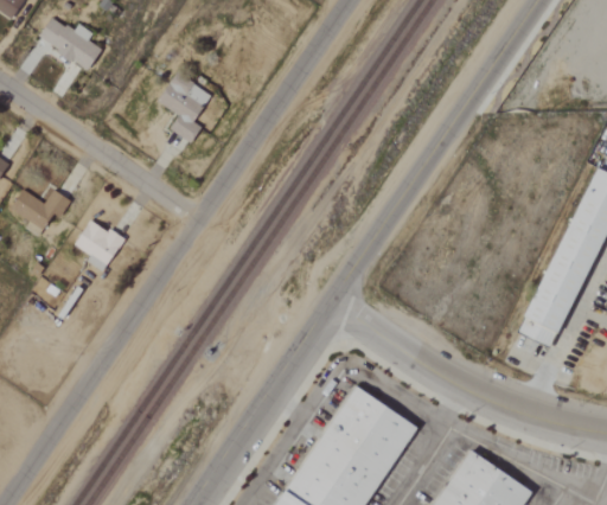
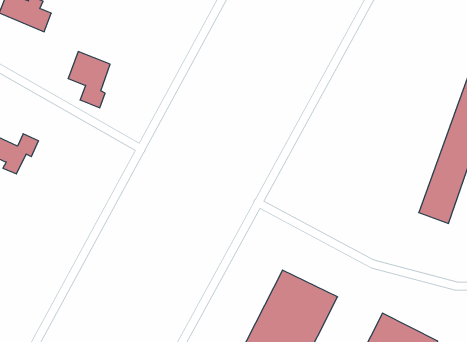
building: [161,73,213,143] -> [68,52,110,108]
building: [76,219,127,273] -> none

